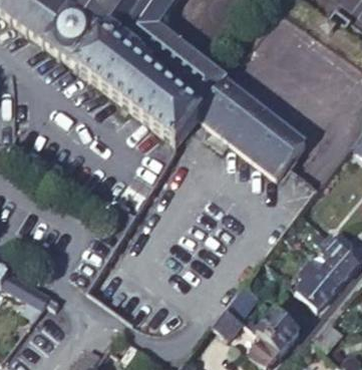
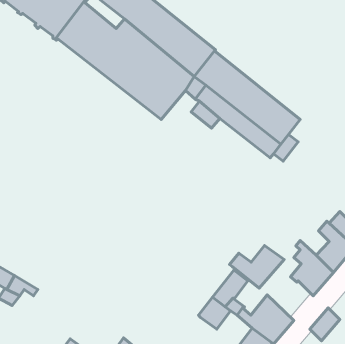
building: none -> [230,245,284,288]

